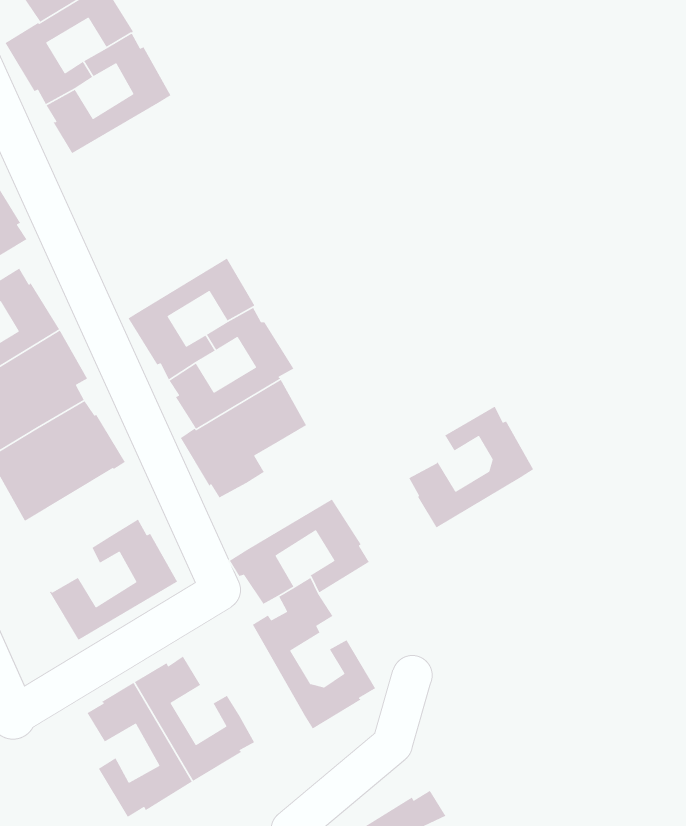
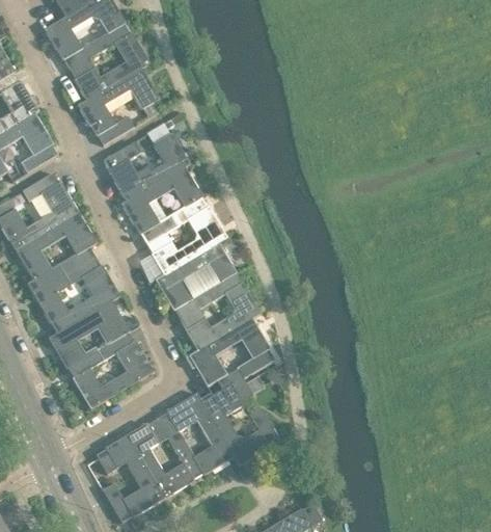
building: none -> [78,68,160,144]
building: none -> [104,123,190,201]
building: [408,406,534,528] -> [180,272,260,350]
building: none -> [48,299,130,377]
building: none -> [157,393,234,474]

